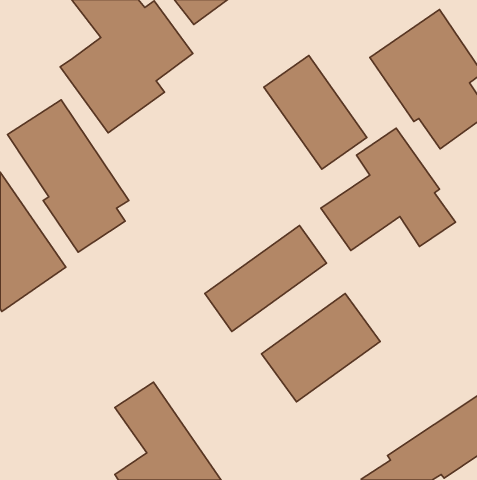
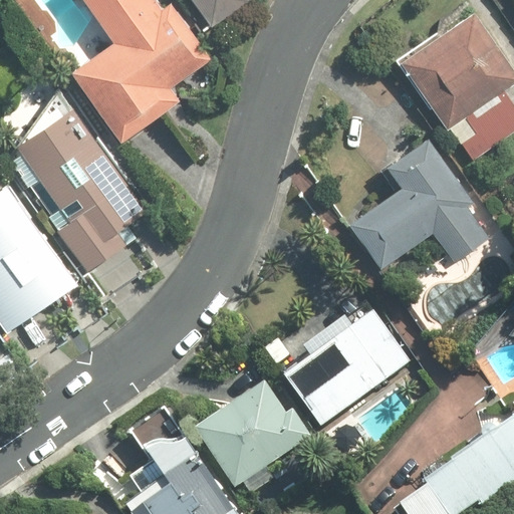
building: [264,55,367,169] -> none
building: [205,225,326,331] -> none
building: none -> [193,384,308,490]

